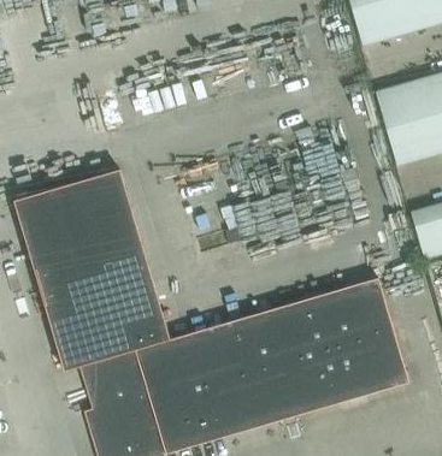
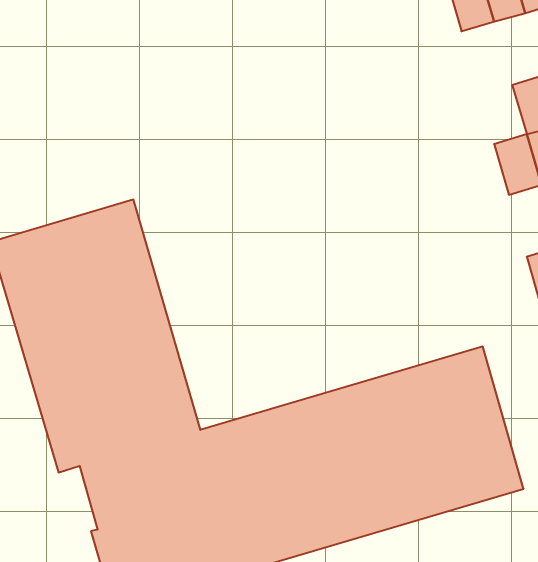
building: [376,85,411,129] -> none

